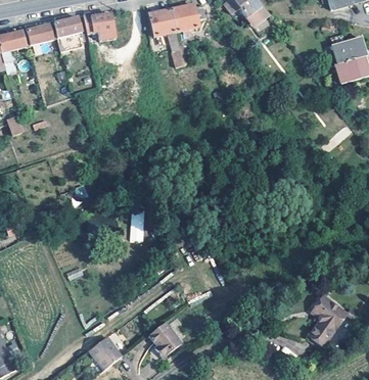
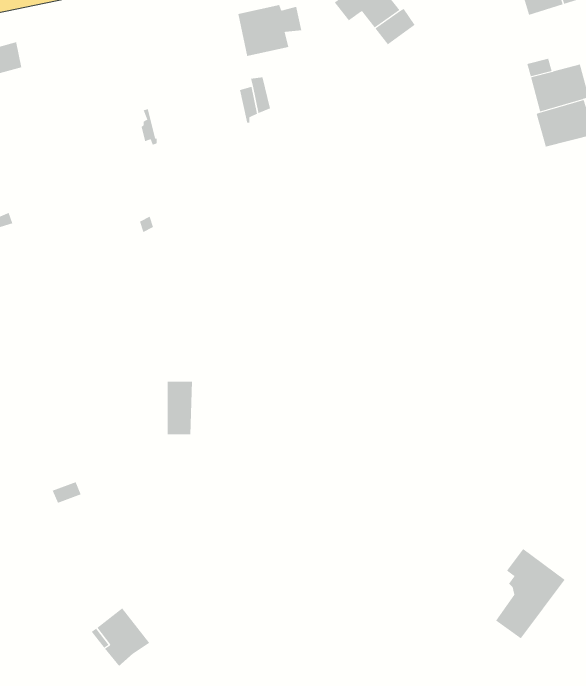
building: [148,9,176,42] -> none
building: [82,13,113,34] -> none
building: [52,17,82,51] -> none
building: [147,323,179,358] -> none

